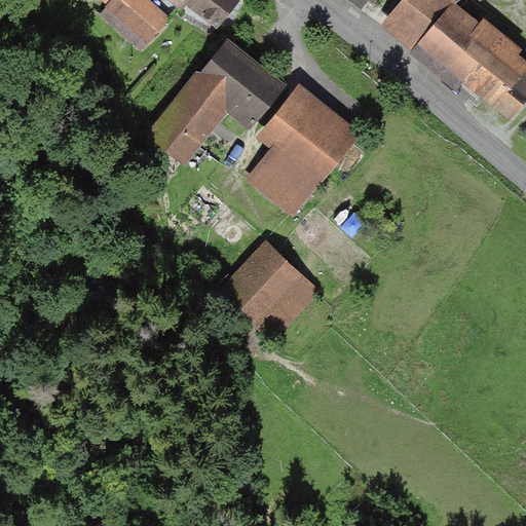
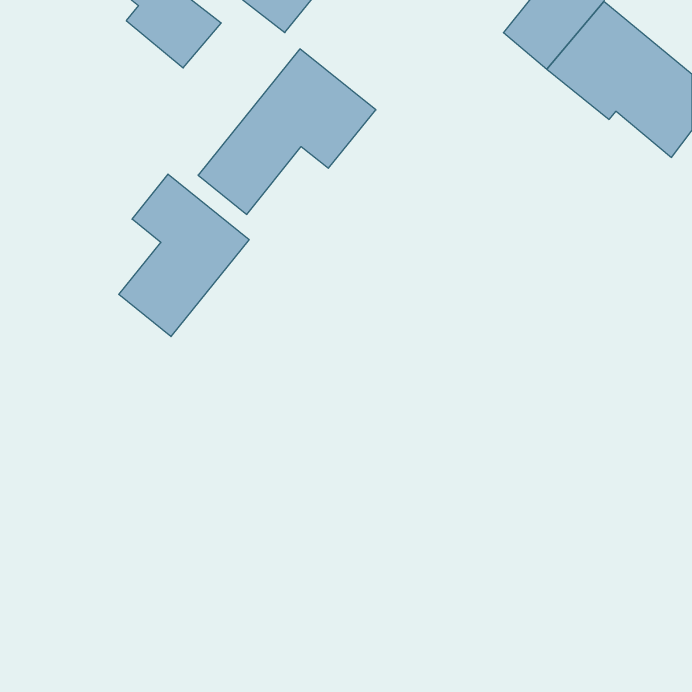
building: [247,84,359,214] -> none
building: none -> [119,174,249,337]
building: [220,242,315,338] -> none

